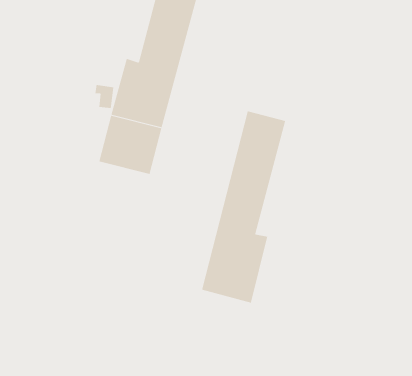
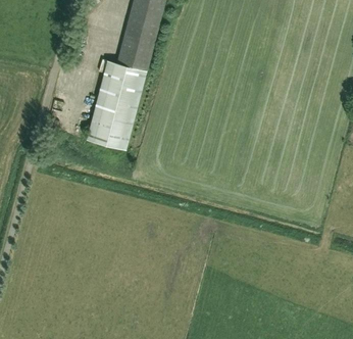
building: [202,110,286,304] -> none

